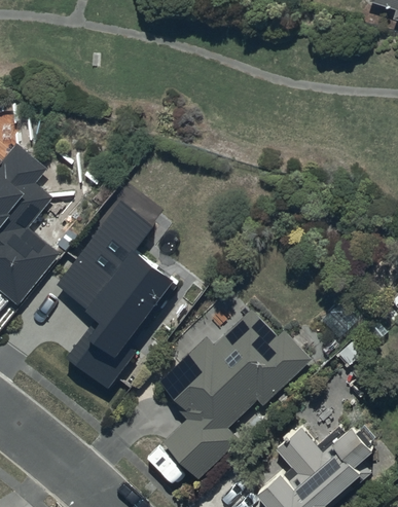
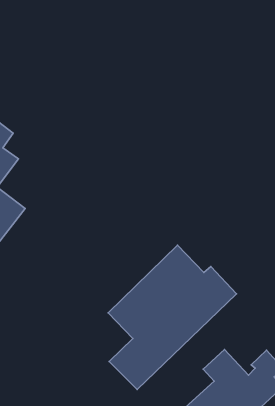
building: [55,203,175,391] -> none

